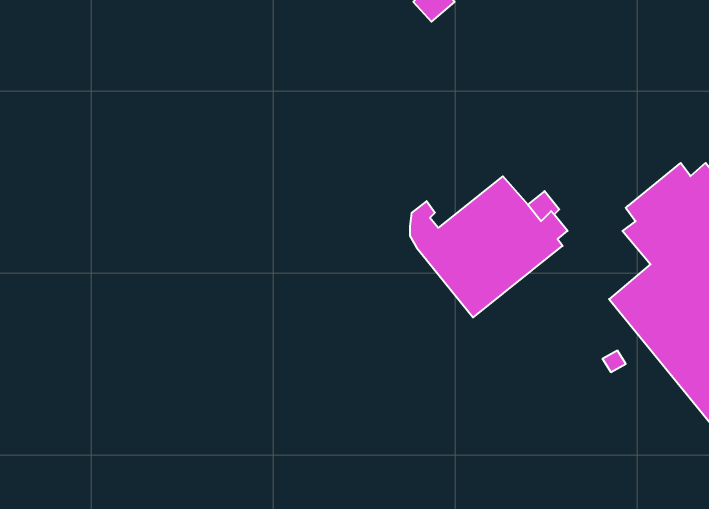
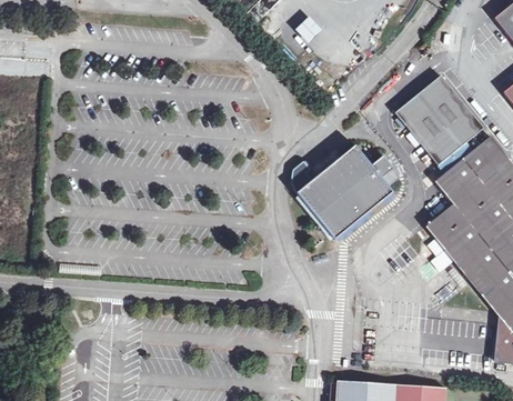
building: none -> [395,77,484,166]

